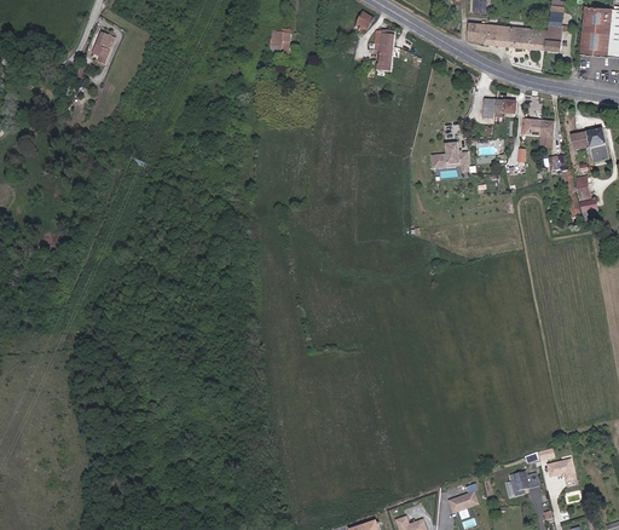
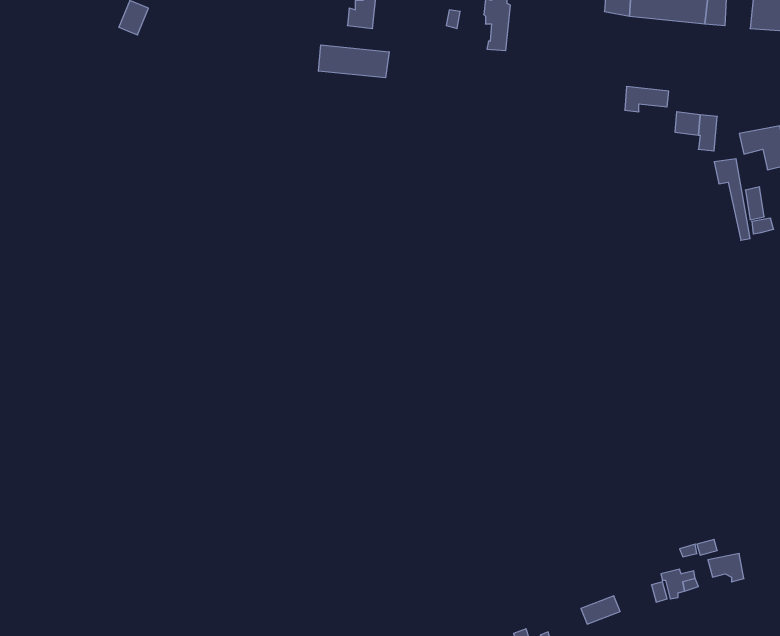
building: none -> [319,45,389,78]
building: [430,142,468,168] -> none

